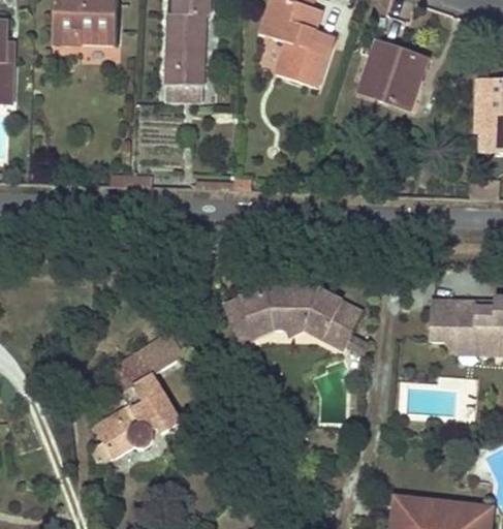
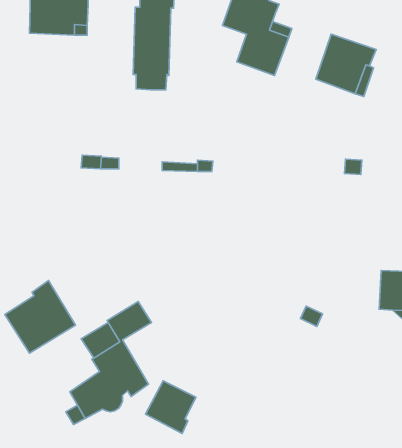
building: [226,291,355,355] -> none
building: none -> [5,281,75,353]
building: none -> [145,381,196,434]

